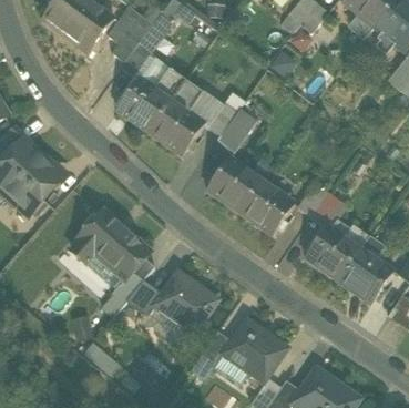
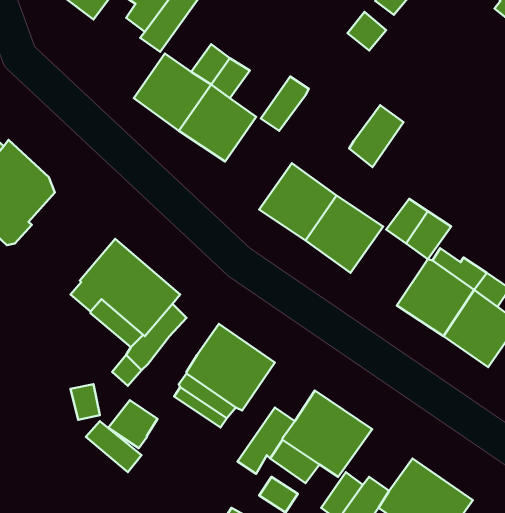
building: [217,106,256,151] -> [349,105,403,167]
building: [126,279,162,314] -> [108,400,158,448]

